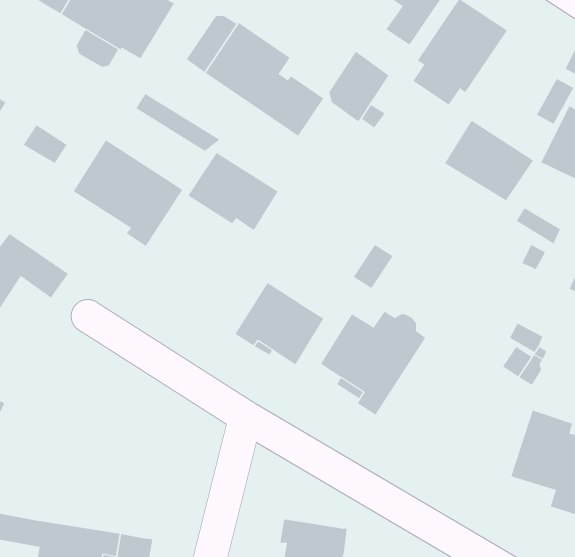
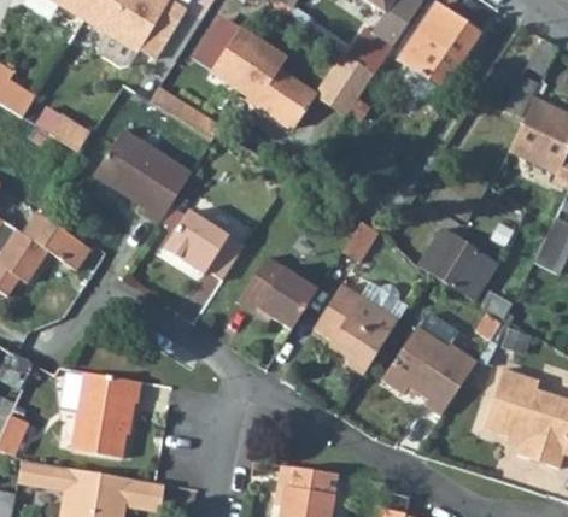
building: [444,120,534,201] -> [418,228,498,300]
building: [188,152,279,231] -> [164,210,245,280]
building: none -> [381,312,476,415]
building: none -> [71,371,142,457]

